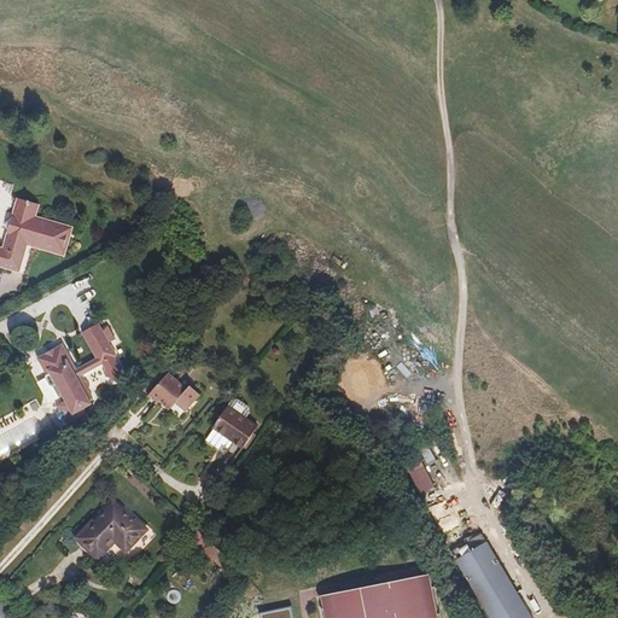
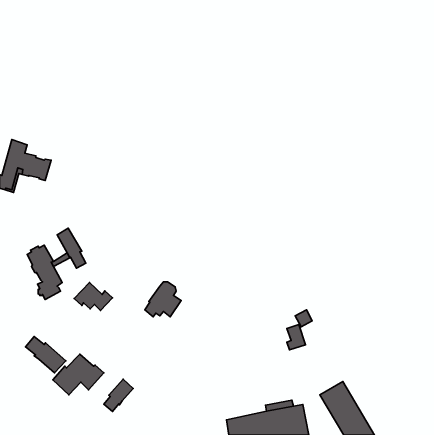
building: [146,373,200,413] -> [74,282,112,311]
building: none -> [25,336,66,373]
building: none -> [104,379,133,412]

